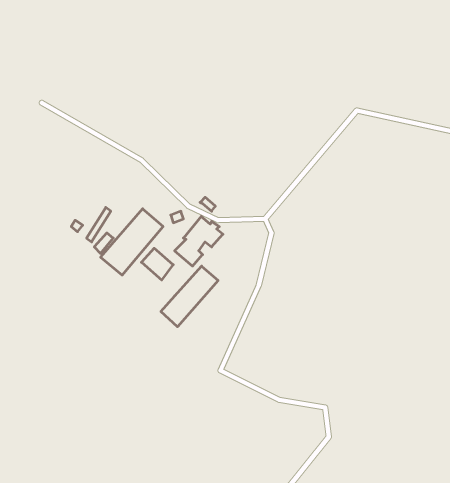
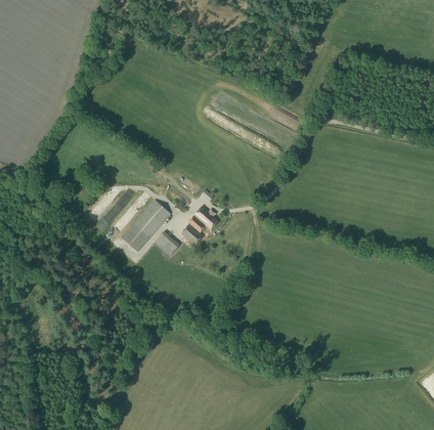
building: [161,266,218,327] -> none

